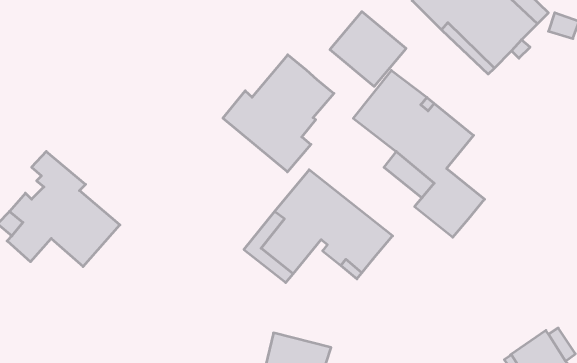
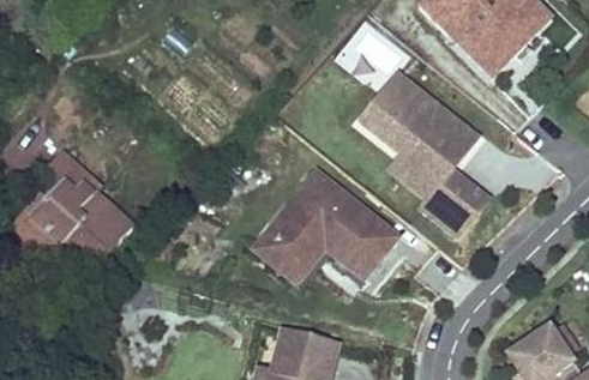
building: [223,55,334,172] -> none

